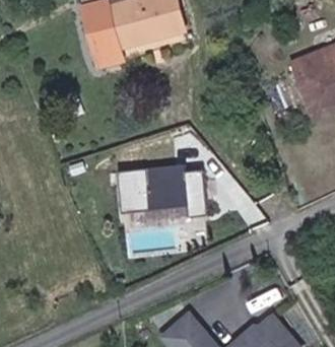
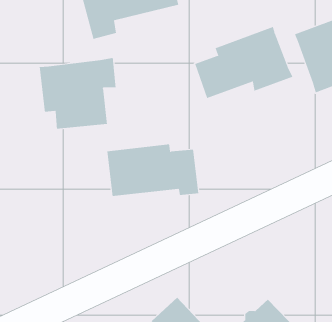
building: none -> [194,26,293,99]
building: none -> [39,57,116,130]

